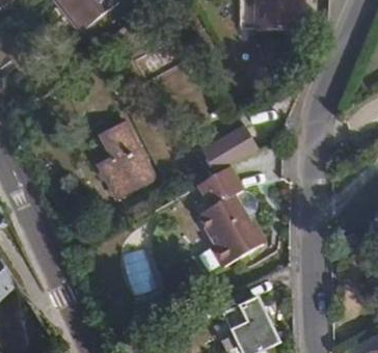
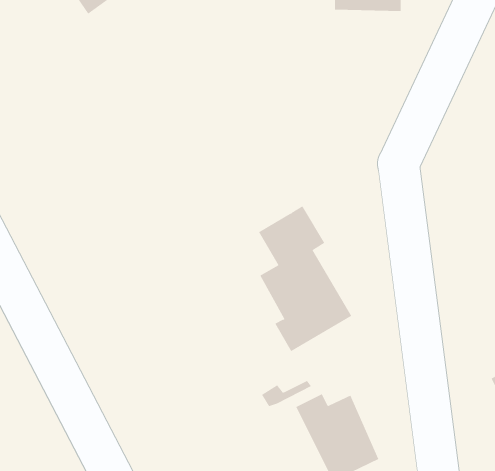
building: [207,124,259,169] -> none
building: [97,125,154,198] -> none

